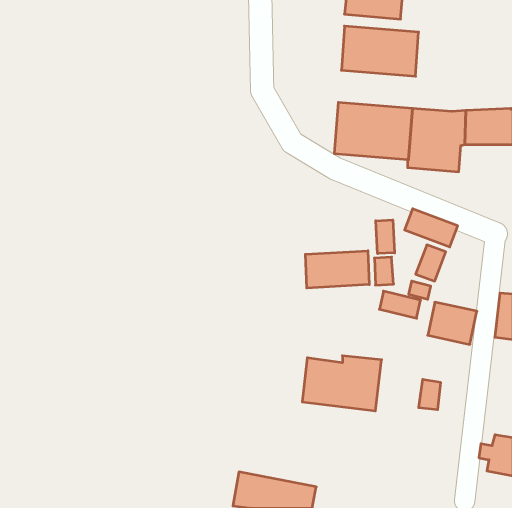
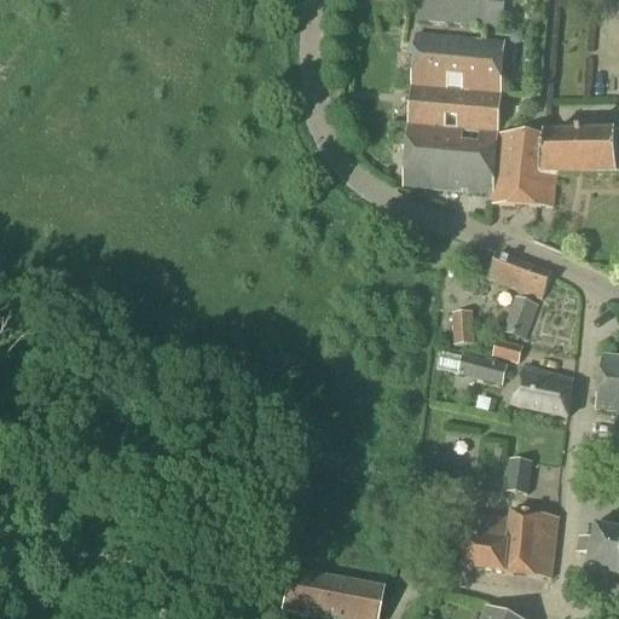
building: none -> [409,85,502,131]
building: [376,220,395,254] -> none
building: [305,251,369,288] -> none
building: [302,356,382,411] -> [463,510,559,577]

